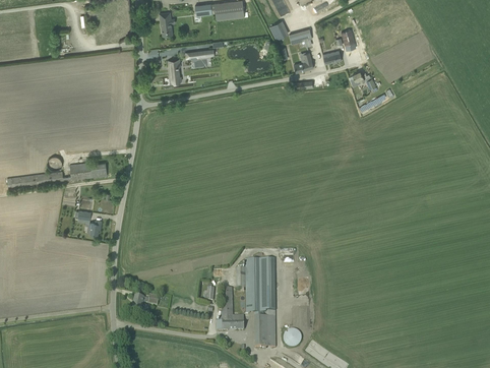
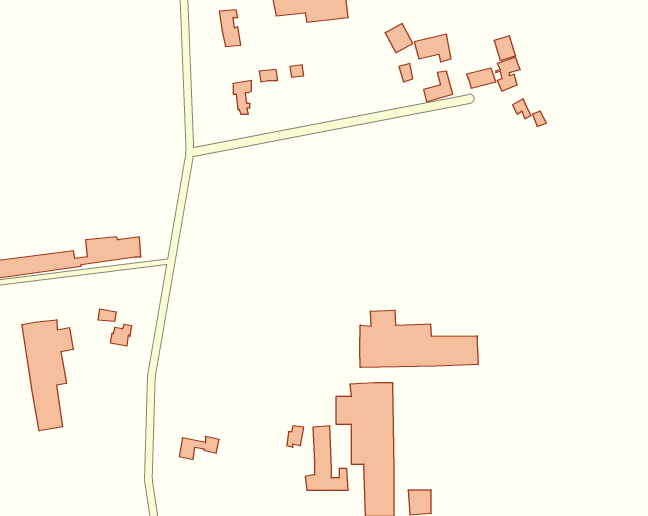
building: none -> [360,310,478,367]
building: none -> [22,320,73,431]

